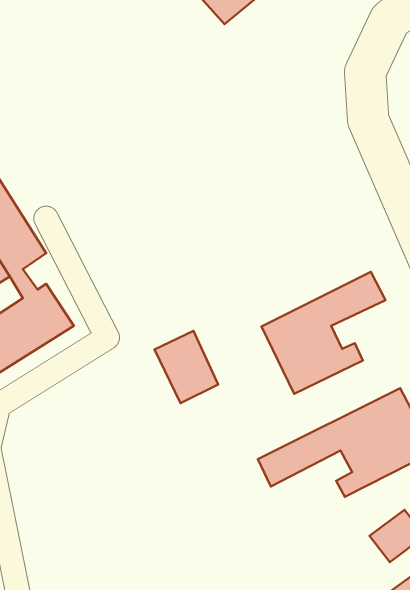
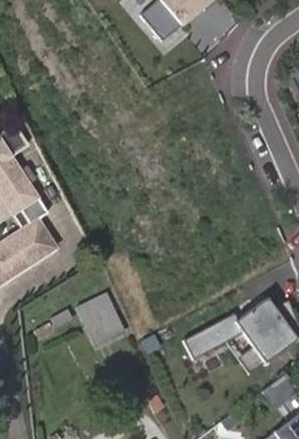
building: [262,272,386,394] -> none
building: [154,331,218,403] -> [78,296,122,346]

